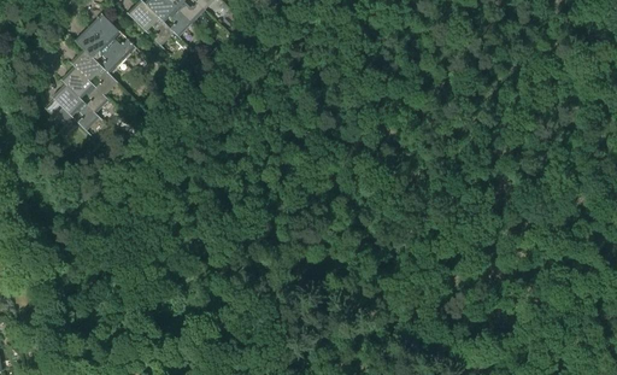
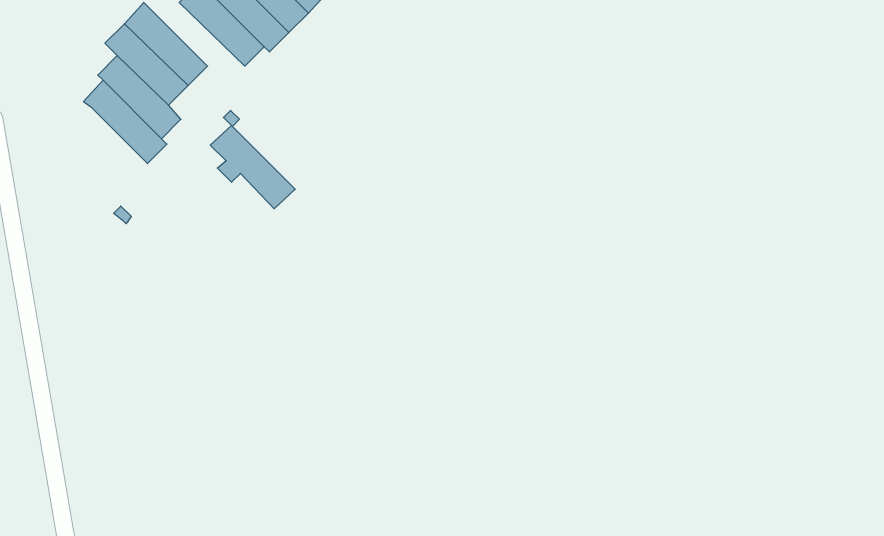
building: [48,74,106,130] -> [210,126,295,209]

